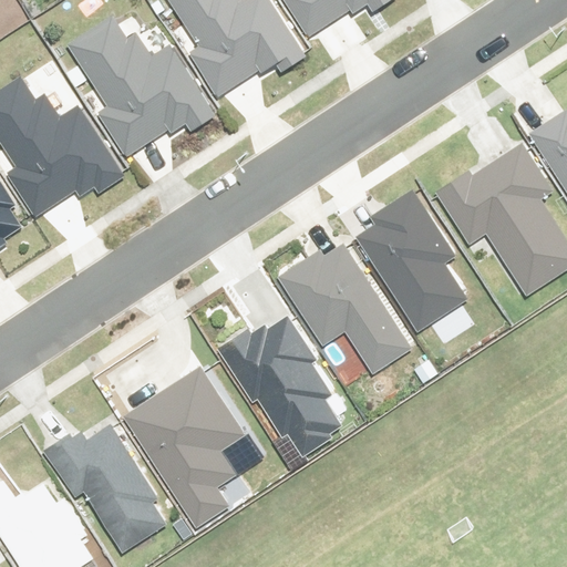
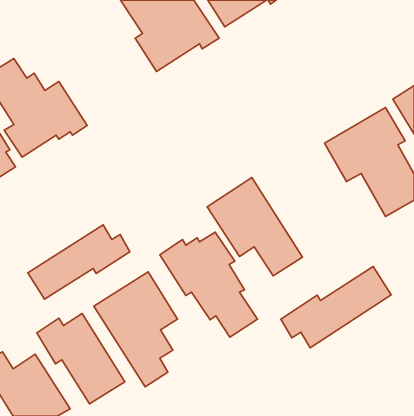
building: [70,13,213,162] -> none
building: [359,184,476,337] -> none
building: none -> [28,225,130,299]
building: none -> [281,266,391,348]

